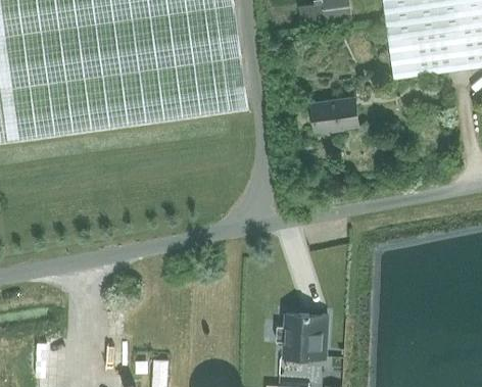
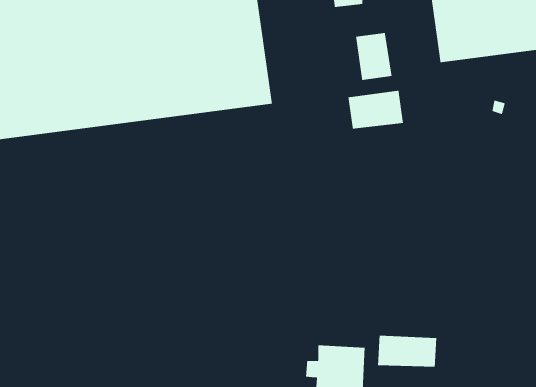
building: none -> [355,32,393,81]
building: none -> [377,335,437,368]

